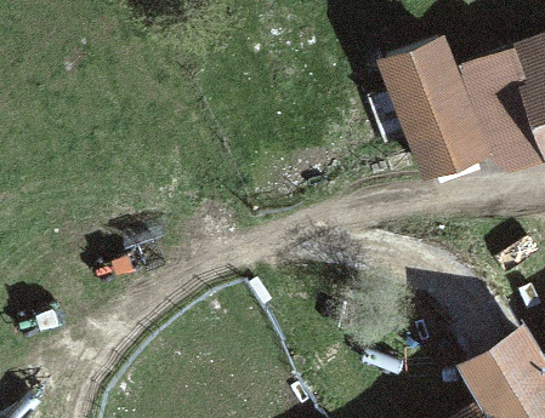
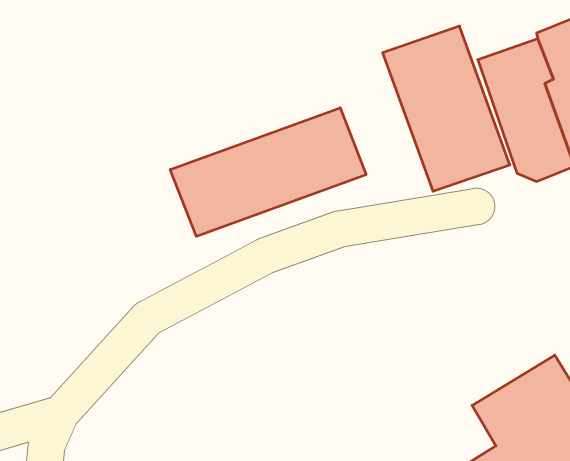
building: none -> [170,108,366,236]

